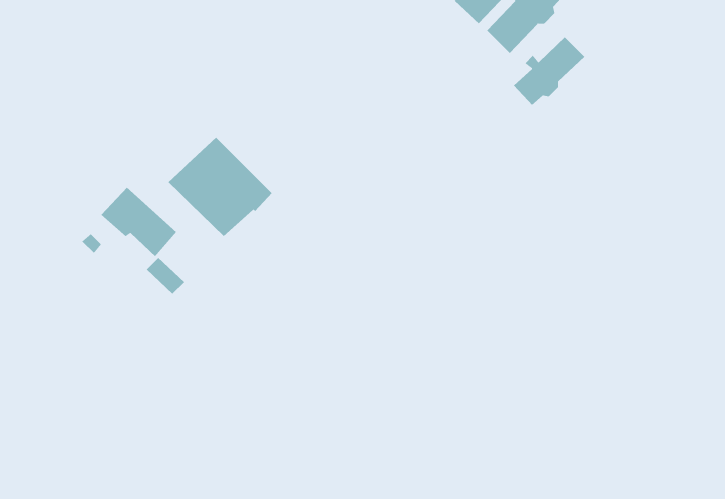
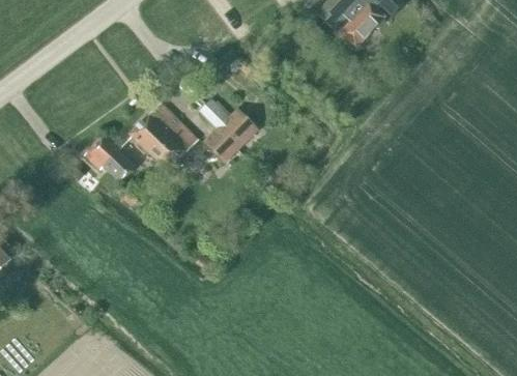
building: [513,36,585,106] -> none
building: none -> [197,96,259,163]

